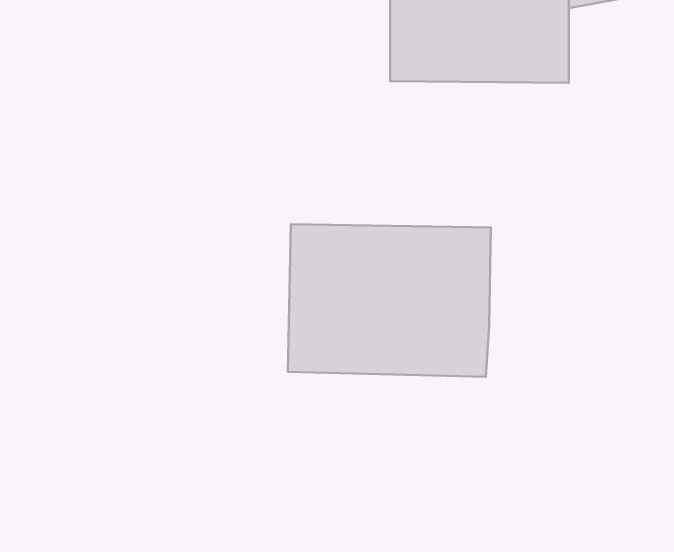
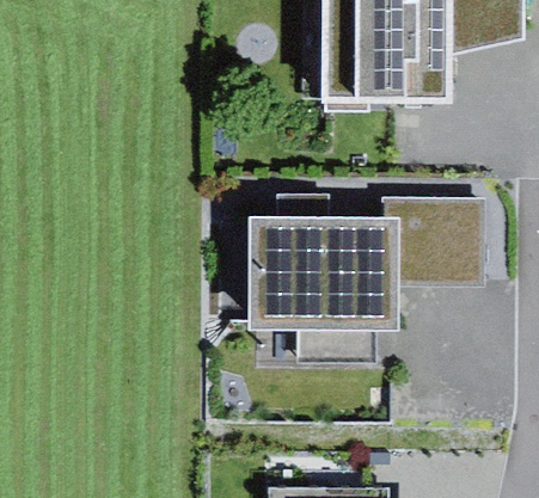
building: none -> [396,197,482,287]

